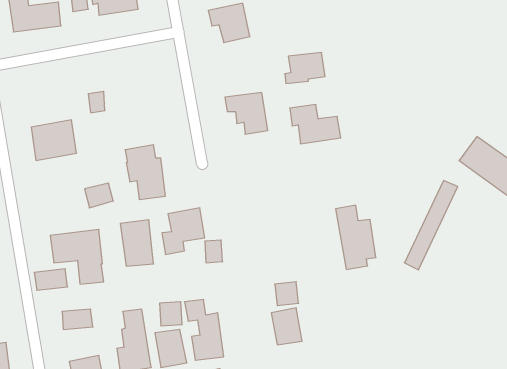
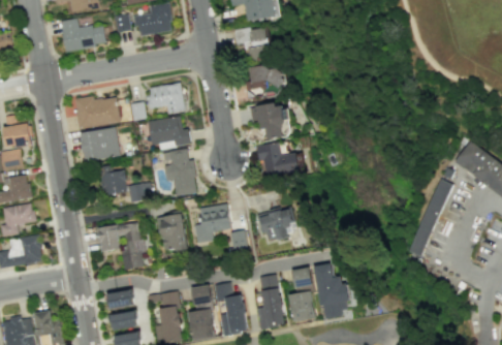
building: [285,53,325,83] -> [246,63,281,90]
building: none -> [147,83,185,114]
building: none -> [74,96,120,128]
building: [290,105,341,144] -> [256,143,301,177]
building: none -> [148,117,190,149]
building: none -> [98,165,127,196]
building: [336,205,376,269] -> [314,263,349,319]
building: none -> [257,208,296,243]
building: [34,269,68,290] -> [109,312,138,331]
building: none -> [256,275,286,330]

